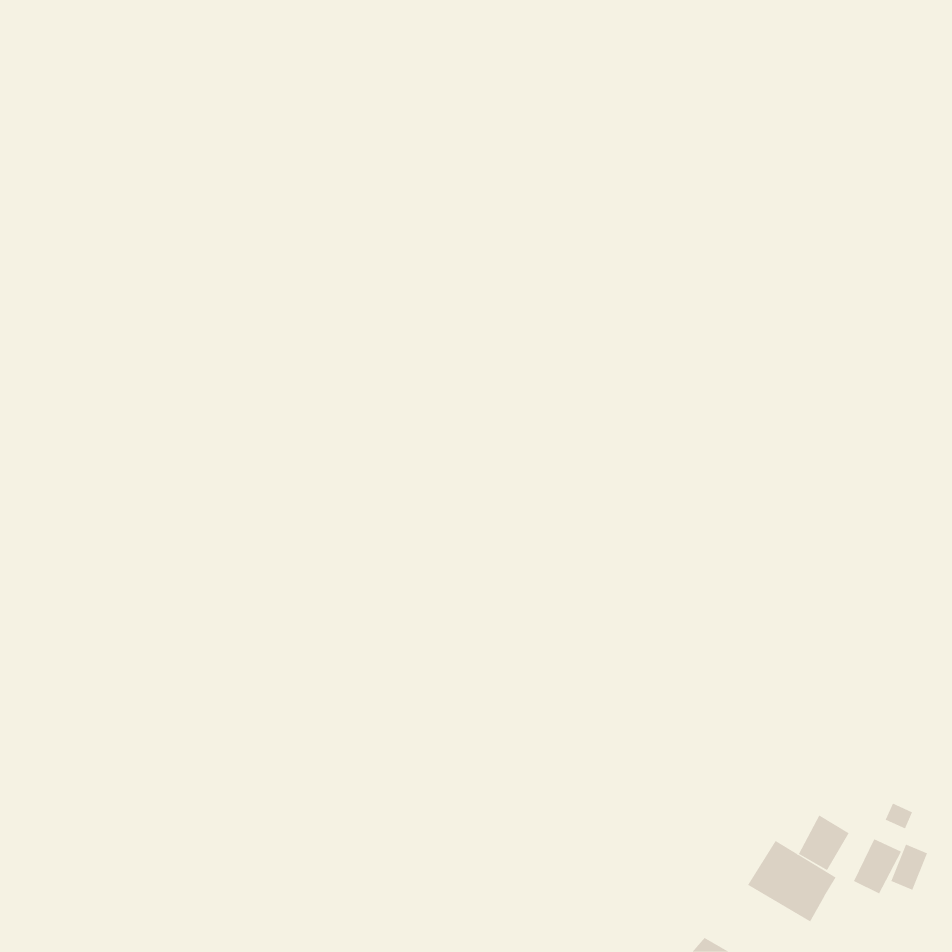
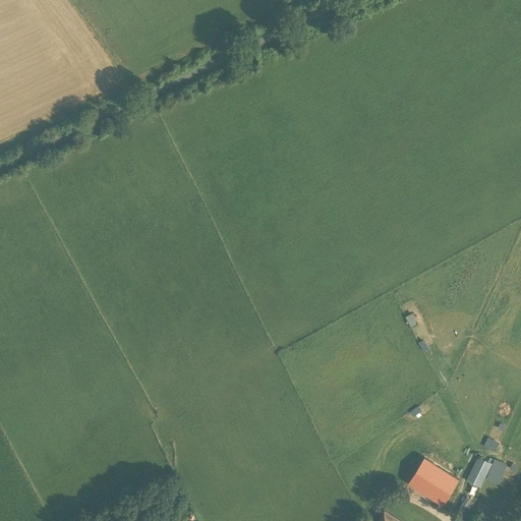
building: [798,815,849,871] -> none

